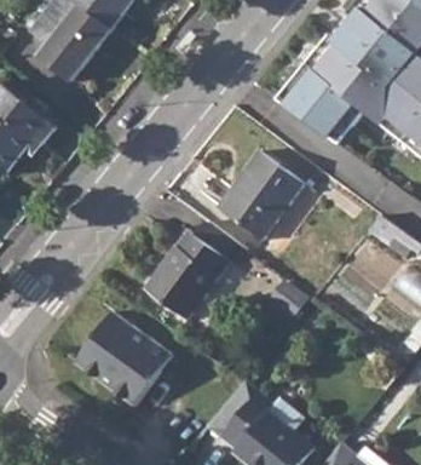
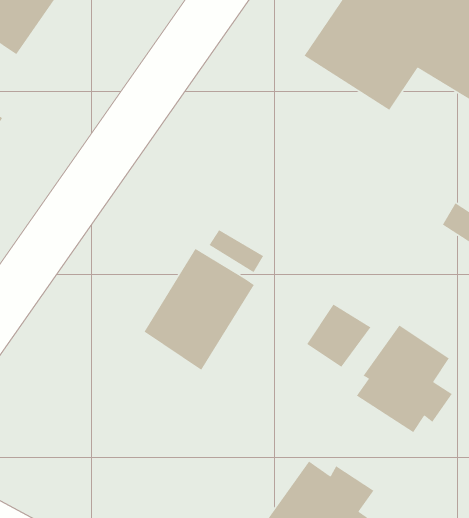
building: [217,151,302,239] -> none
building: none -> [356,325,453,433]
building: [75,310,172,404] -> none

